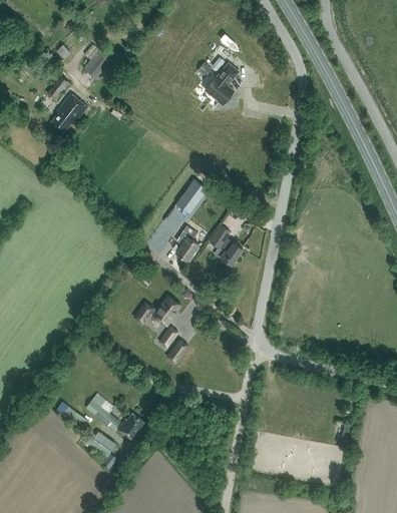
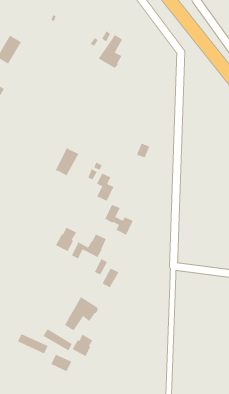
building: [175,179,208,213] -> [55,147,79,176]
building: [209,225,243,266] -> [104,204,134,236]
building: none -> [55,227,77,252]
building: none -> [64,296,99,331]

